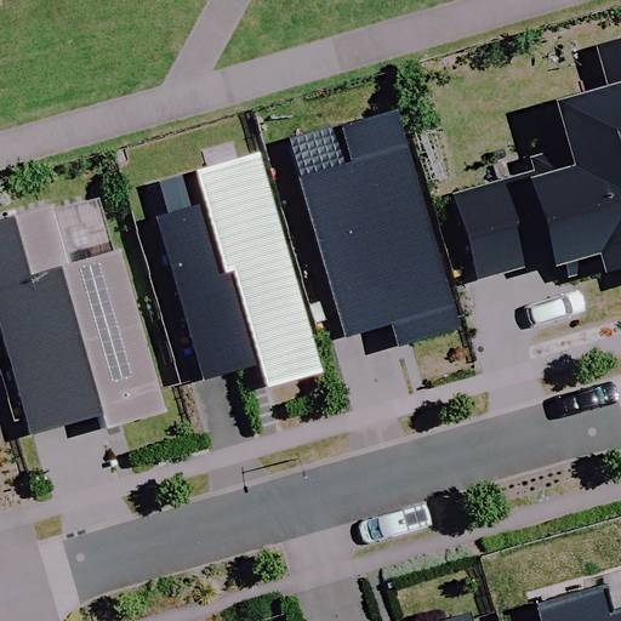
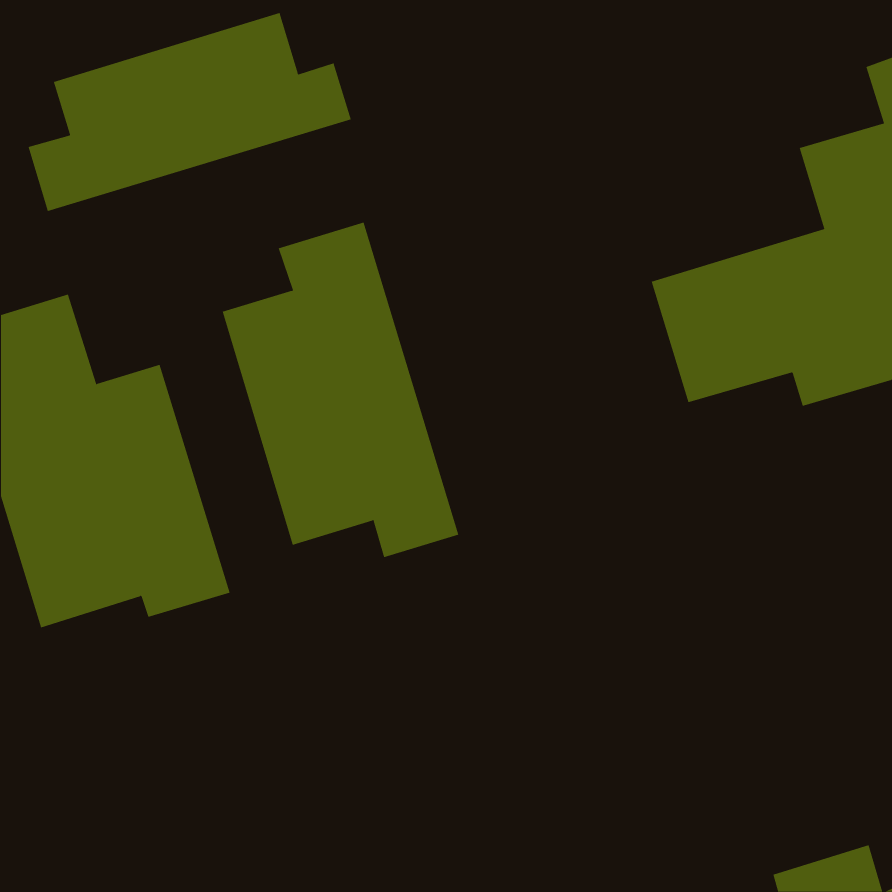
building: none -> [28,12,351,212]
building: [287,110,458,343] -> none

